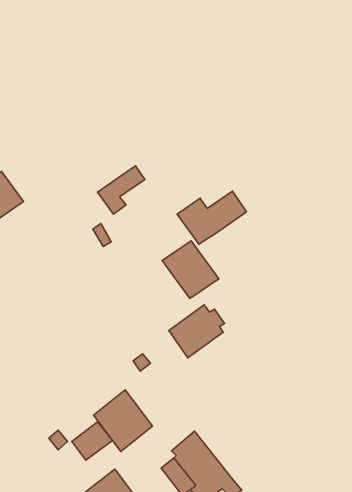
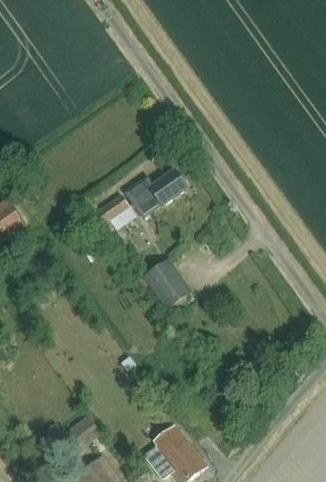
building: [177,191,246,244] -> [126,171,186,217]
building: [169,305,225,358] -> none
building: [93,390,153,452] -> none

